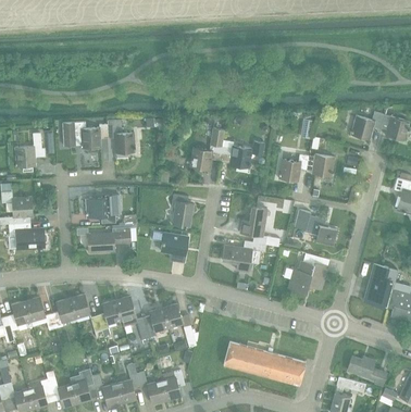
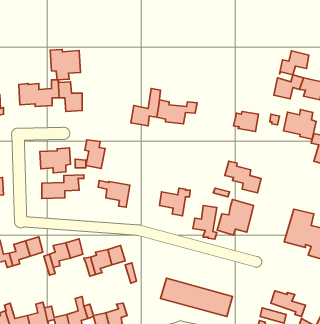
building: none -> [50,49,81,80]
building: none -> [279,51,309,75]
building: [277,150,308,180] -> none
building: none -> [283,110,316,139]
building: [170,193,192,226] -> [85,140,105,169]
building: [238,205,265,244] -> [193,206,217,239]

